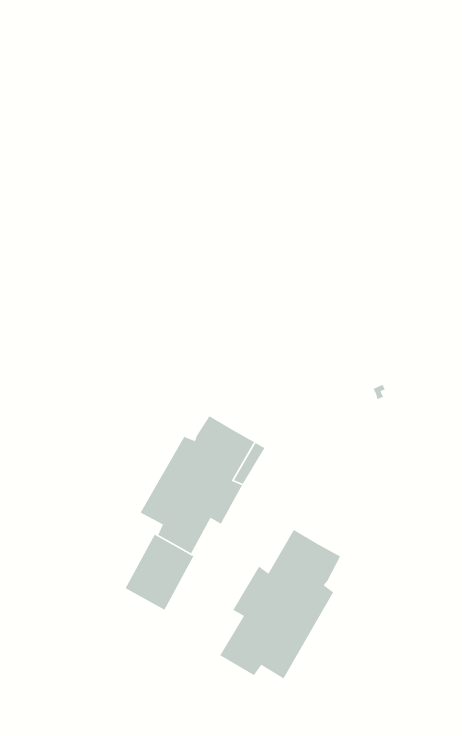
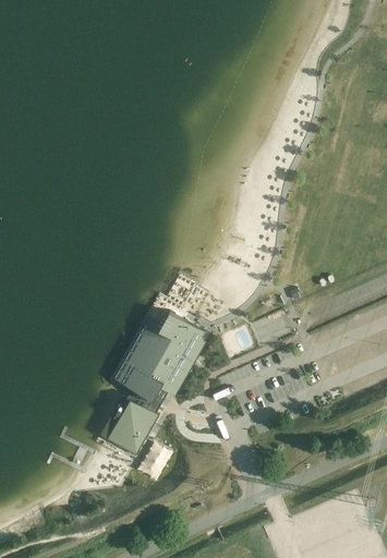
building: [219,529,341,680] -> none

